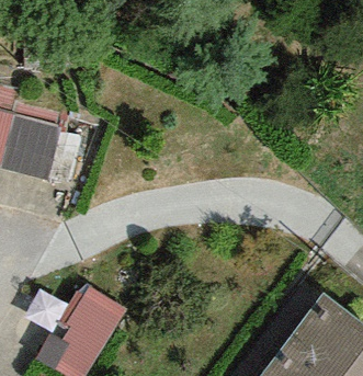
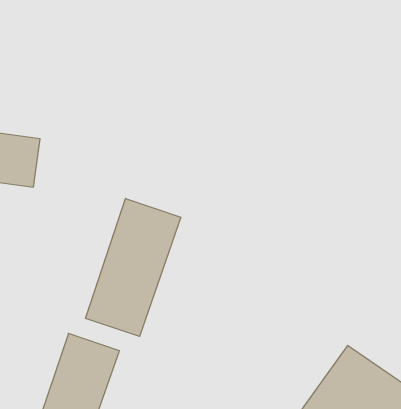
building: none -> [86,198,181,336]

